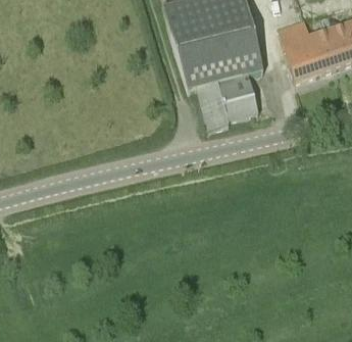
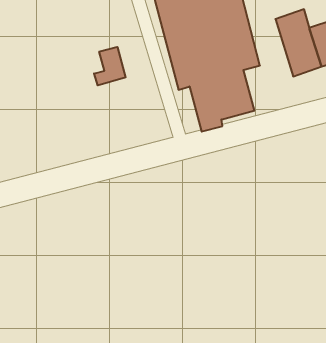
building: none -> [94,47,126,85]

